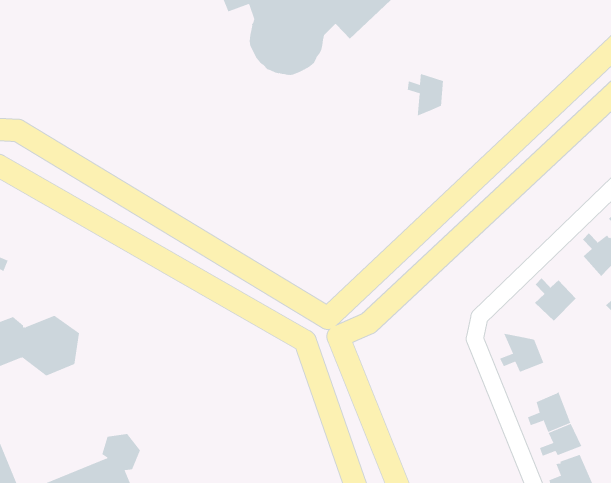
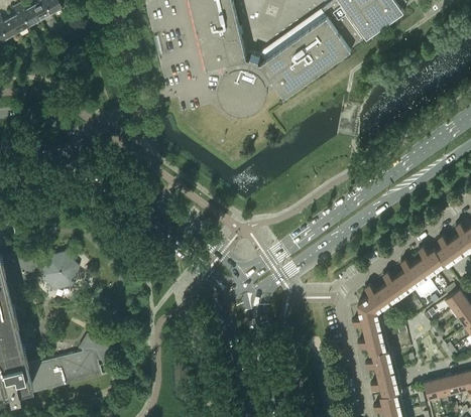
building: [407,73,443,116] -> none
building: none -> [399,259,428,288]
building: none -> [358,284,392,311]
building: none -> [358,327,387,354]

